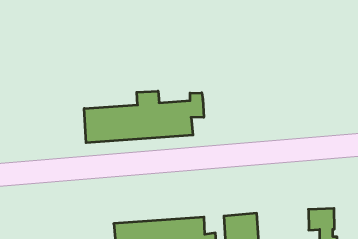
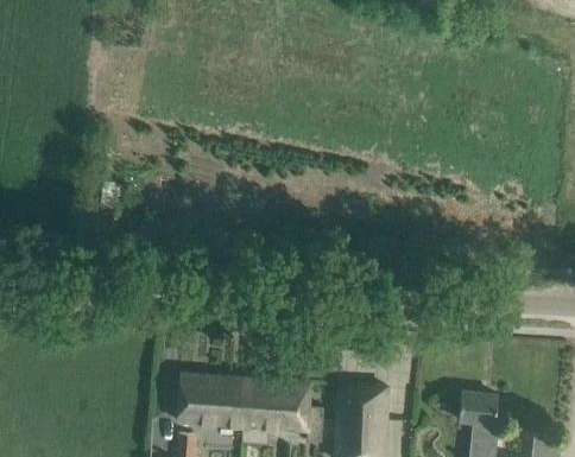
building: [84,91,204,143] -> none

